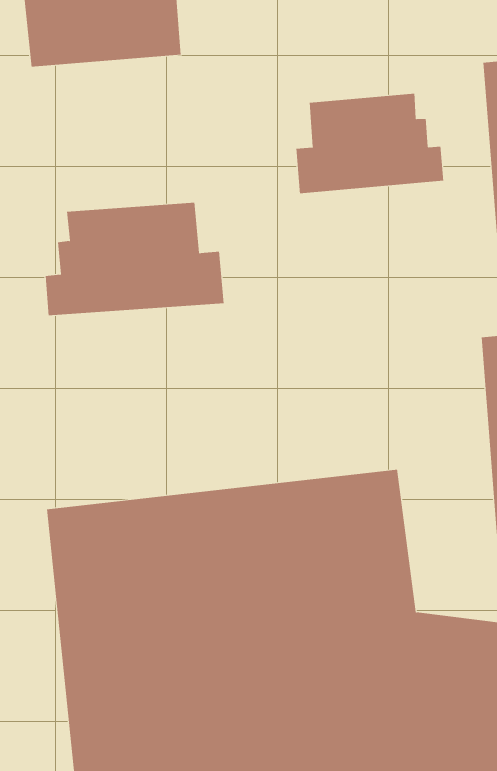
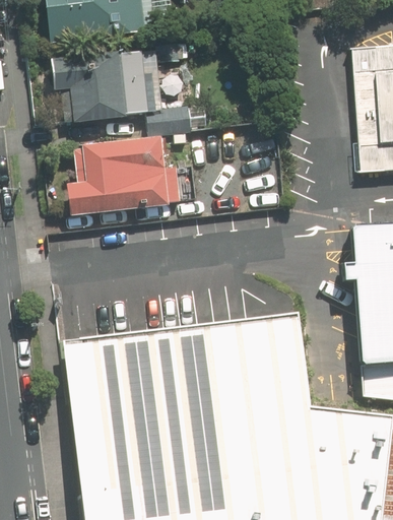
building: none -> [45,52,206,133]
building: [296,93,444,194] -> none

